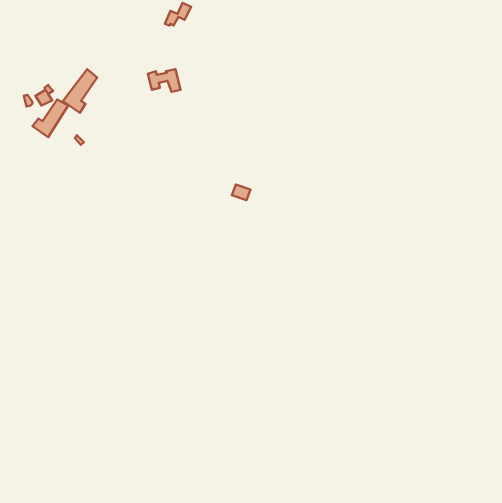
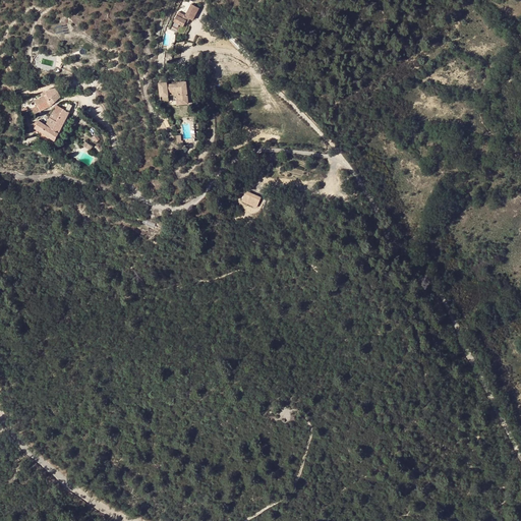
building: [63,69,97,113] -> none

